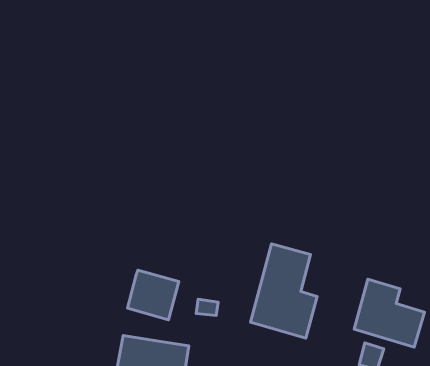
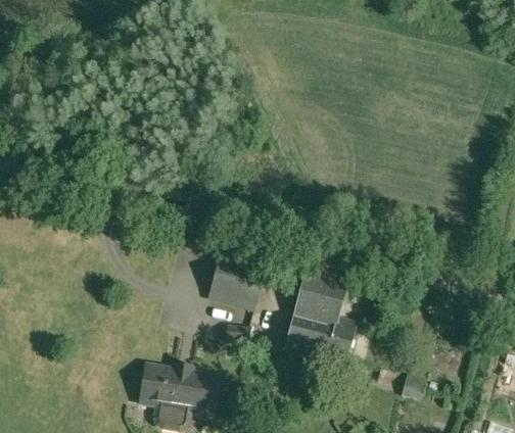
building: [127,270,179,320] -> [208,257,264,310]
building: [354,279,425,347] -> none

